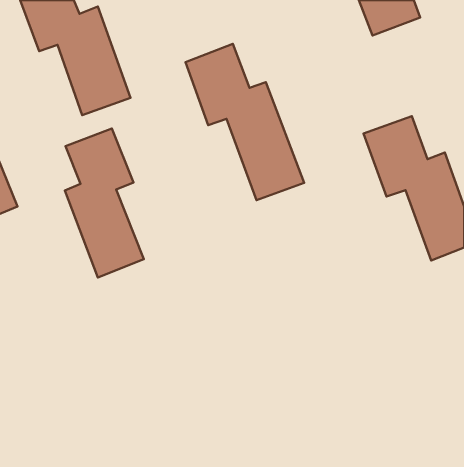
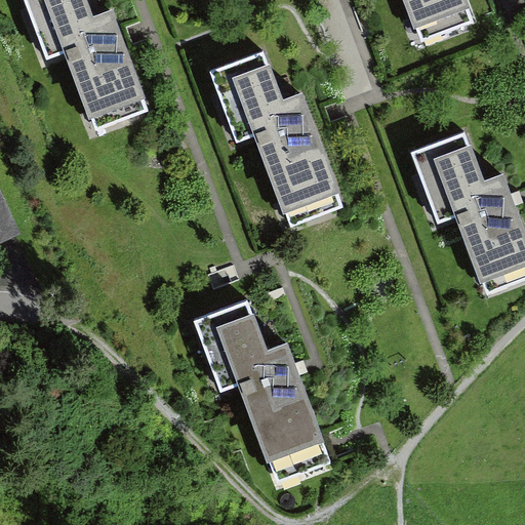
building: [65,129,144,277] -> none
building: none -> [191,296,328,479]

